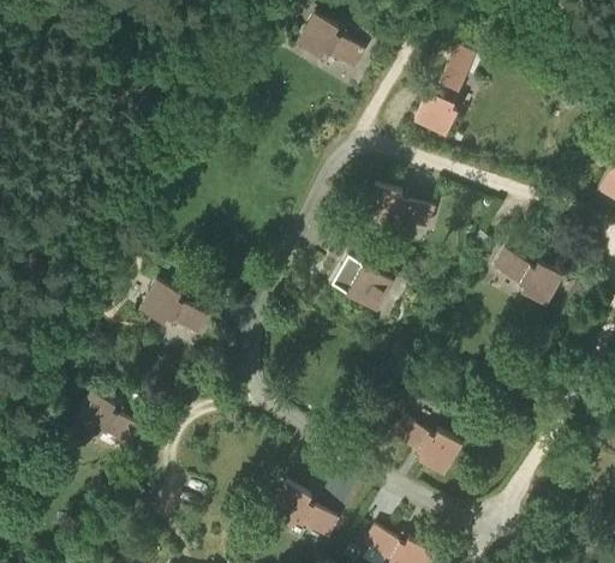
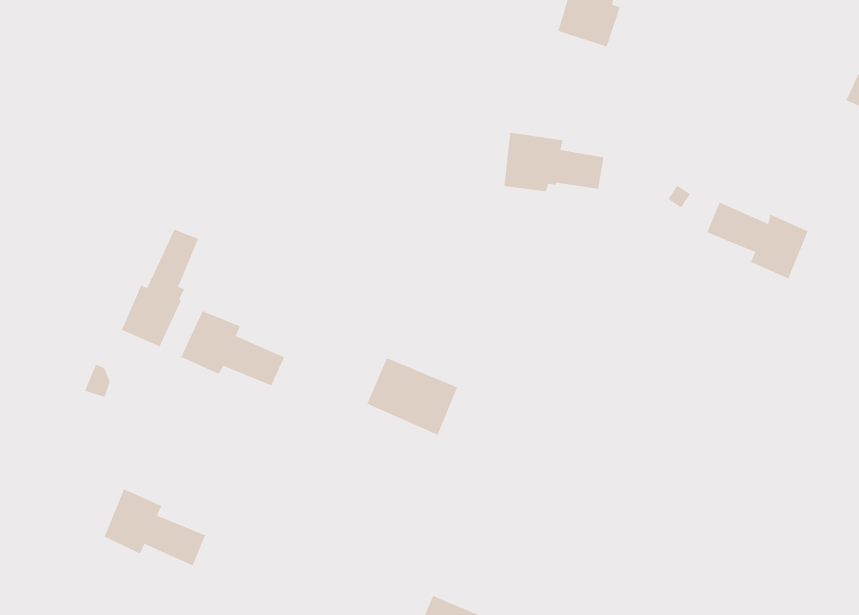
building: none -> [121,229,199,347]
building: [332,253,393,309] -> [367,358,458,435]
building: [392,418,461,475] -> none

